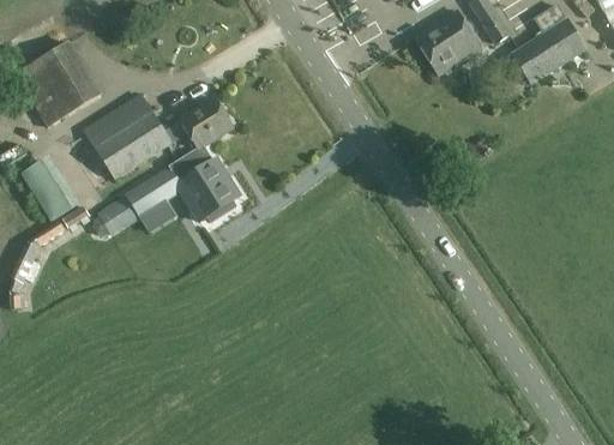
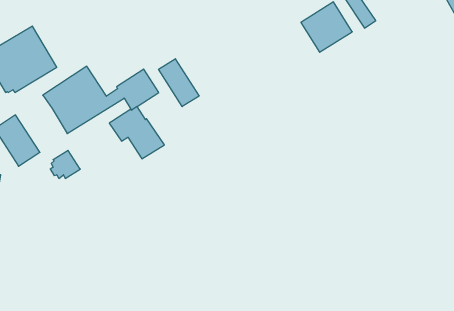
building: [508,18,586,84] -> none
building: none -> [159,59,199,107]
building: [116,166,186,224] -> none

